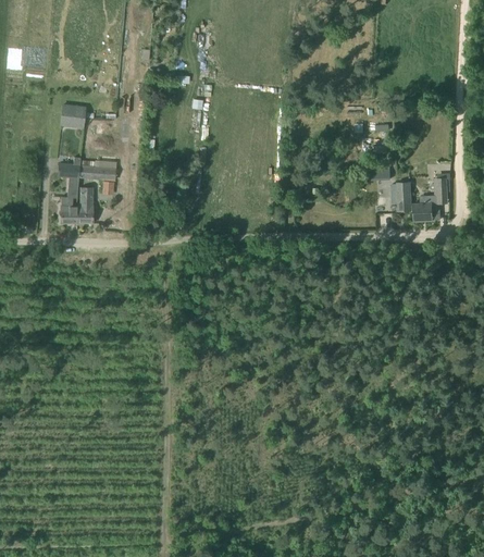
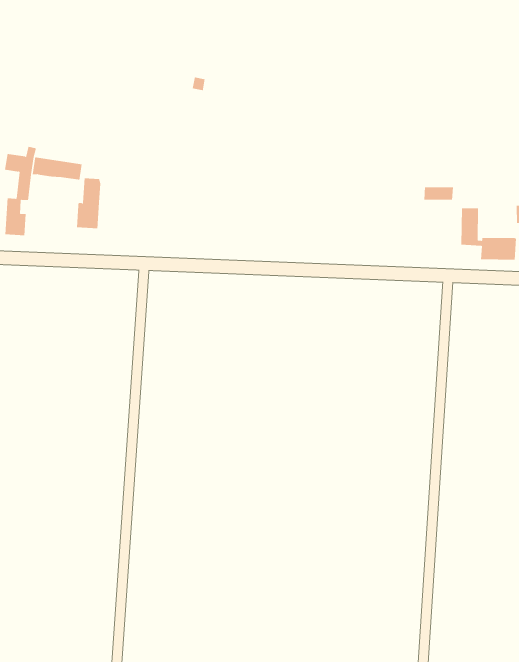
building: [60,103,86,128] -> none
building: [76,186,92,223] -> [76,178,101,229]

